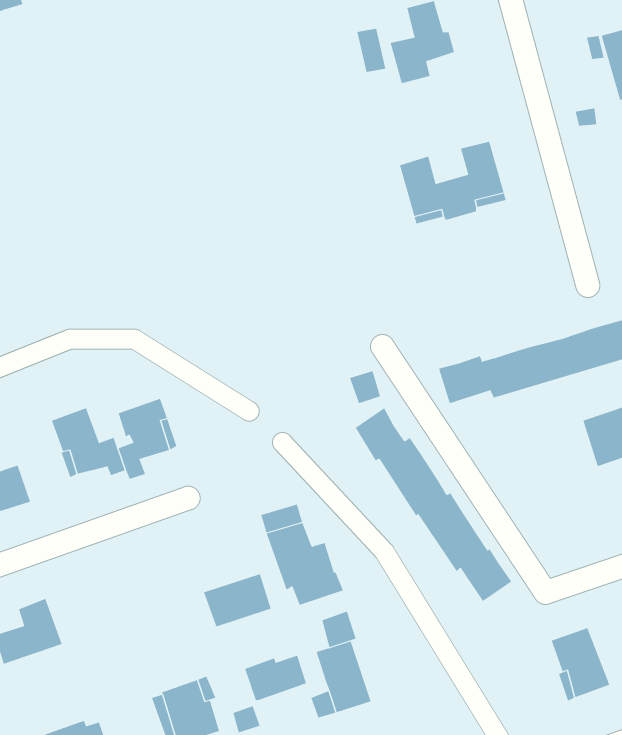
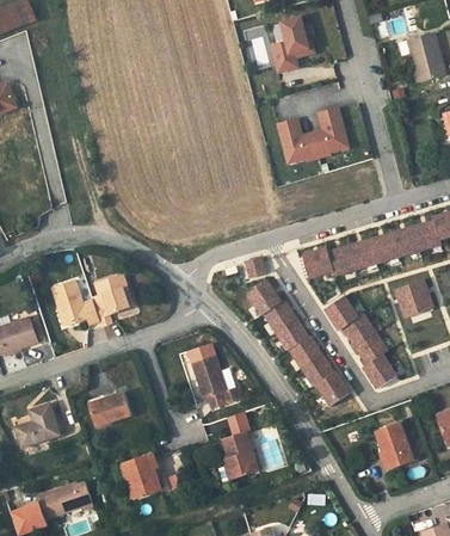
building: none -> [325,296,396,388]
building: [203,574,271,627] -> [87,392,131,426]
building: [244,655,307,701] -> none

